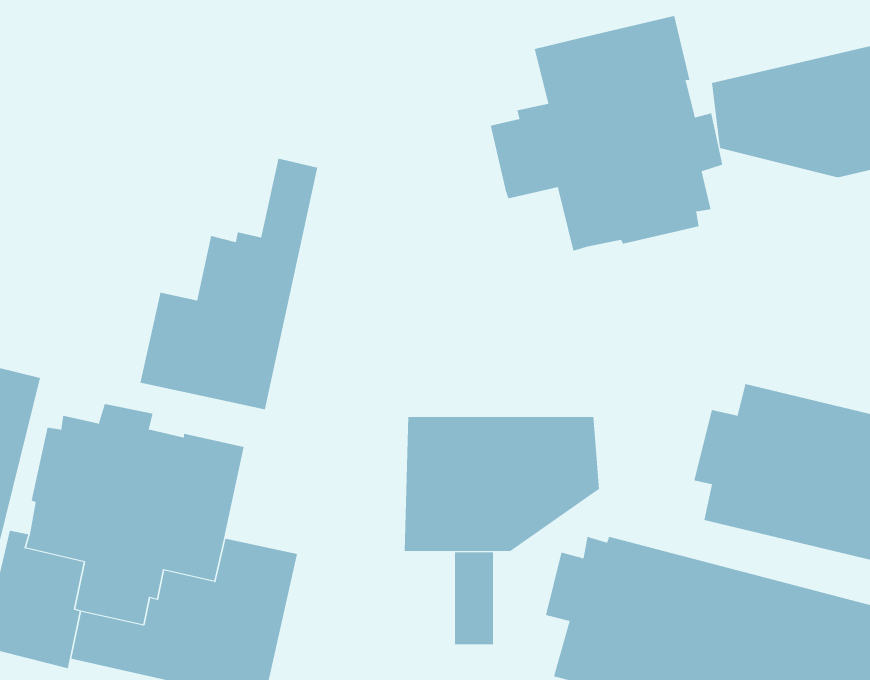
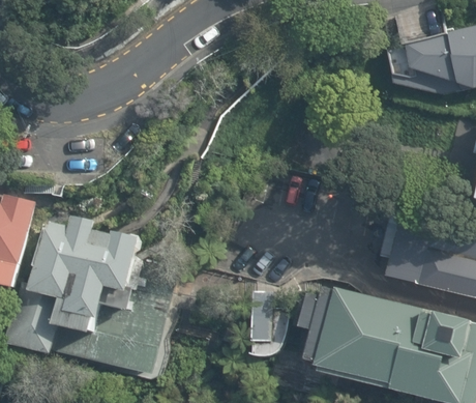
building: [490,15,723,251] -> none
building: [140,158,318,410] -> none
building: [404,416,600,552] -> none

